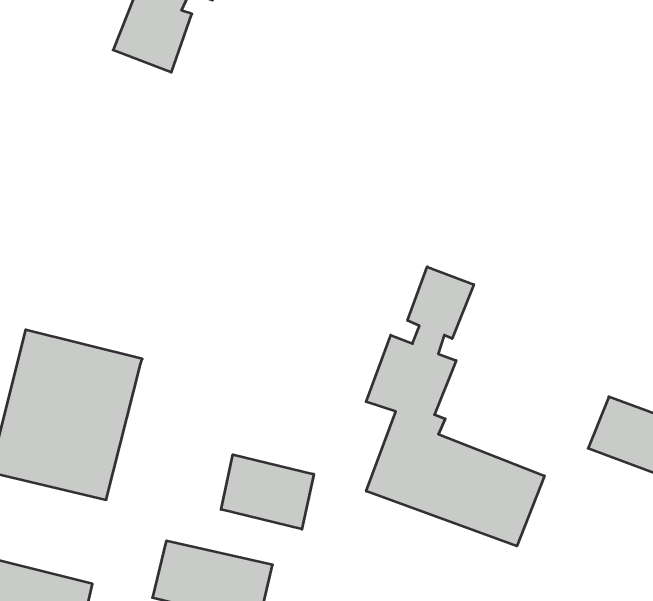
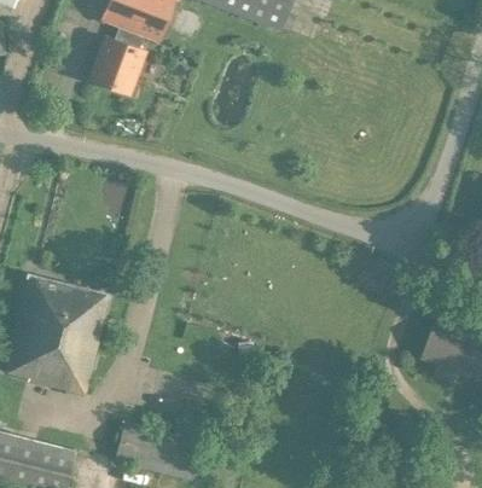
building: [366,267,544,546] -> none
building: [221,455,314,529] -> none

